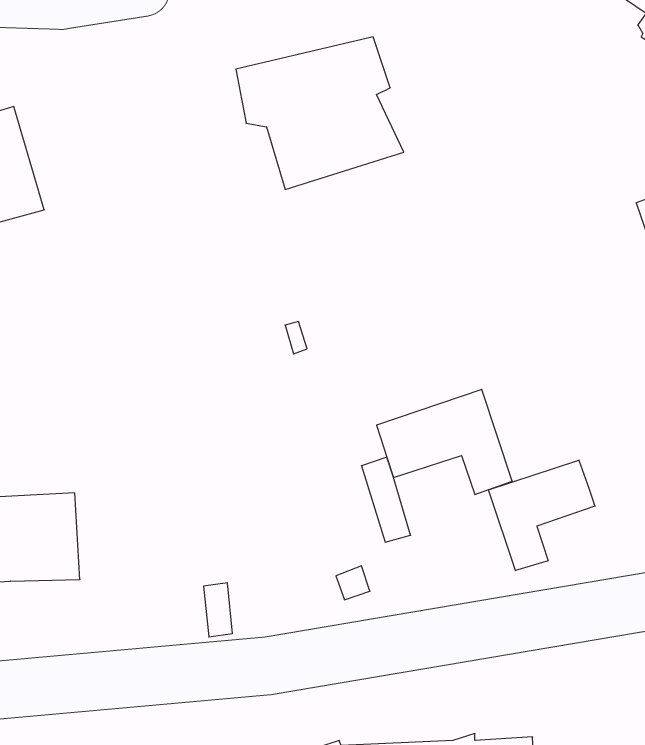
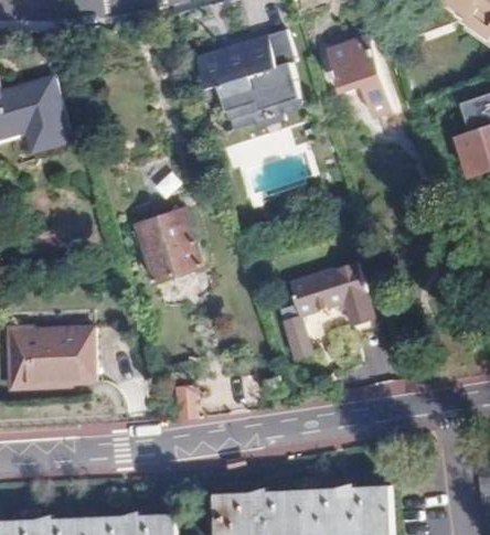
building: none -> [324,36,393,117]
building: none -> [135,207,202,282]
building: [488,460,595,571] -> none

